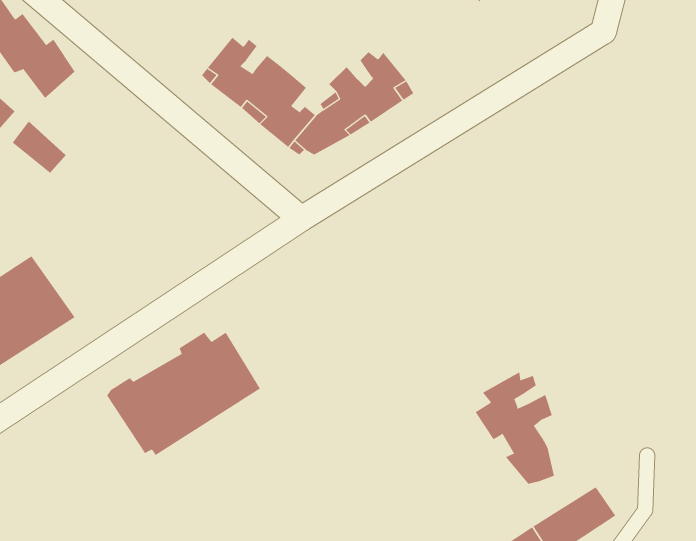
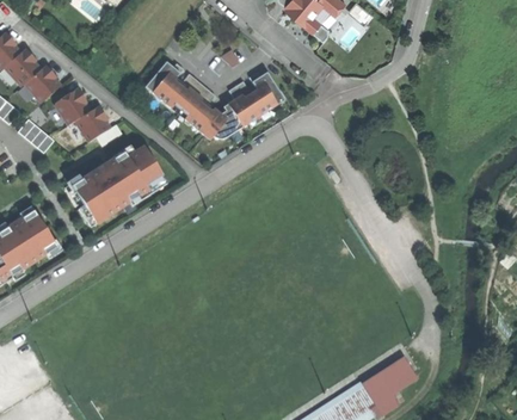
building: none -> [54,87,112,141]
building: [106,332,261,456] -> [66,146,167,227]
building: [475,371,555,485] -> none

